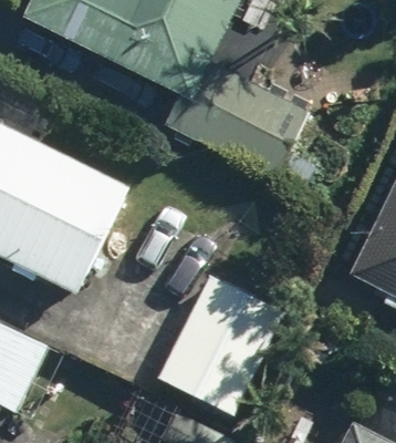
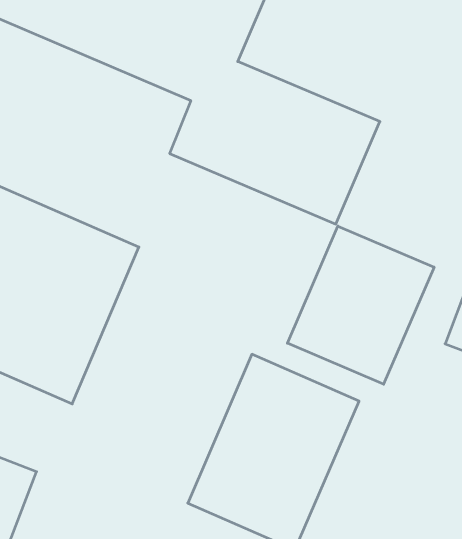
building: none -> [287,226,434,384]

